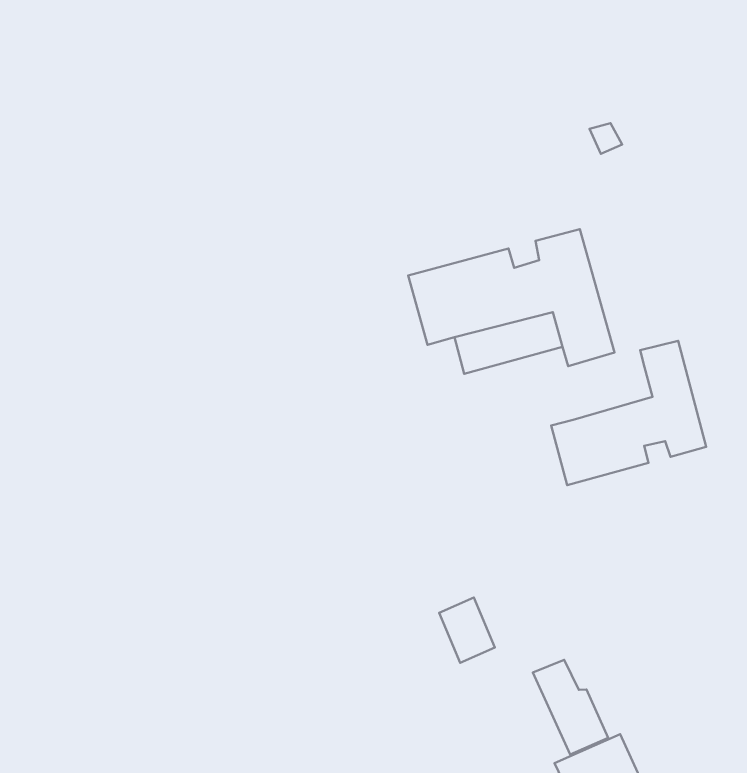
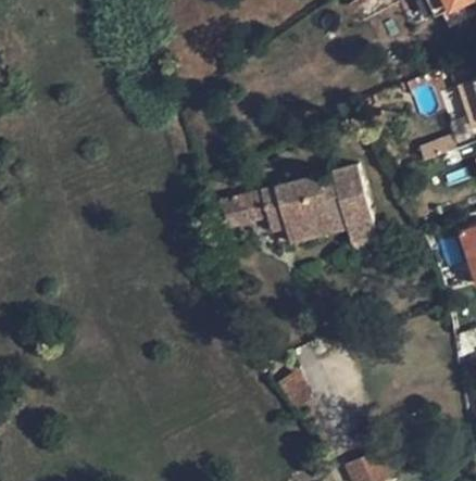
building: [551,341,706,485] -> none
building: [533,660,608,754] -> none

